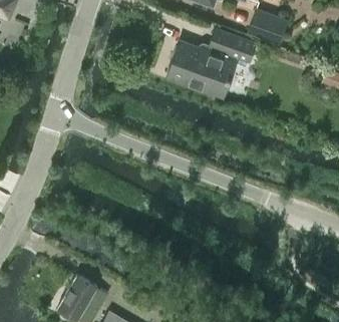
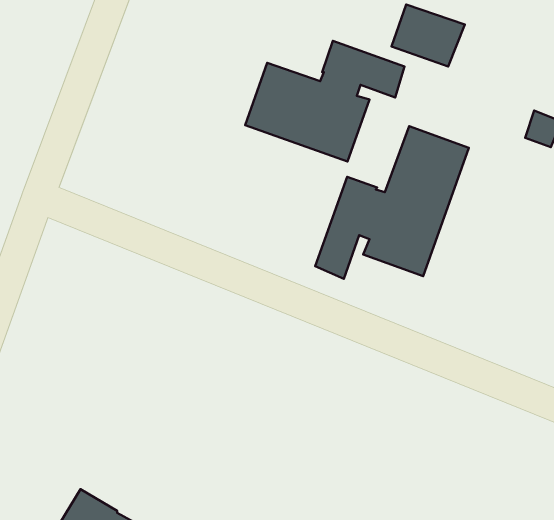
building: none -> [315,126,469,279]

